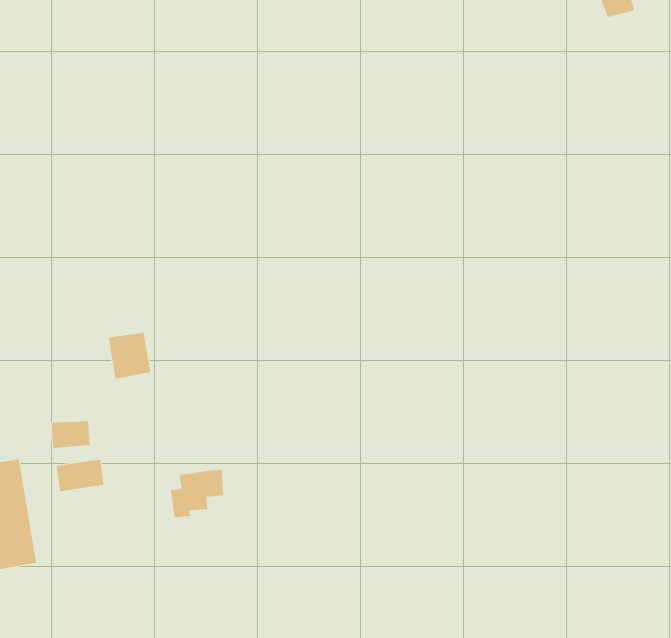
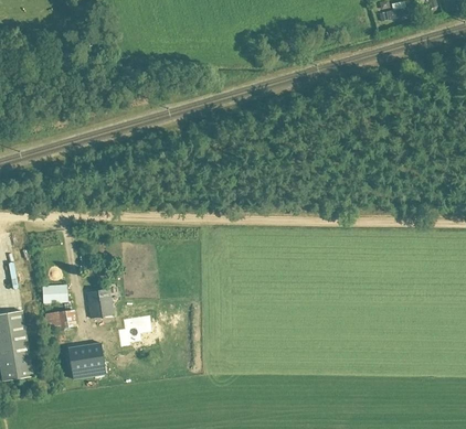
building: [108,332,151,379] -> [83,287,110,317]
building: none -> [65,341,103,377]

